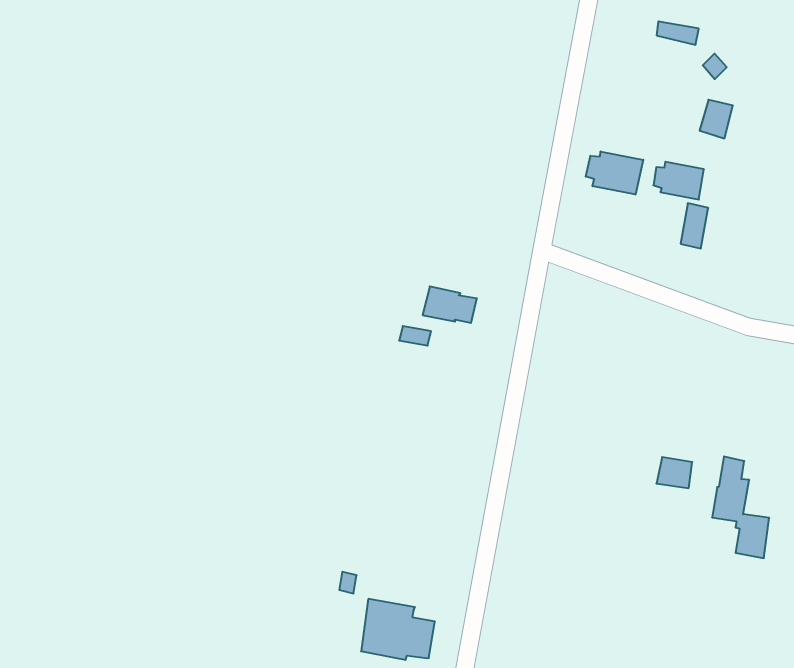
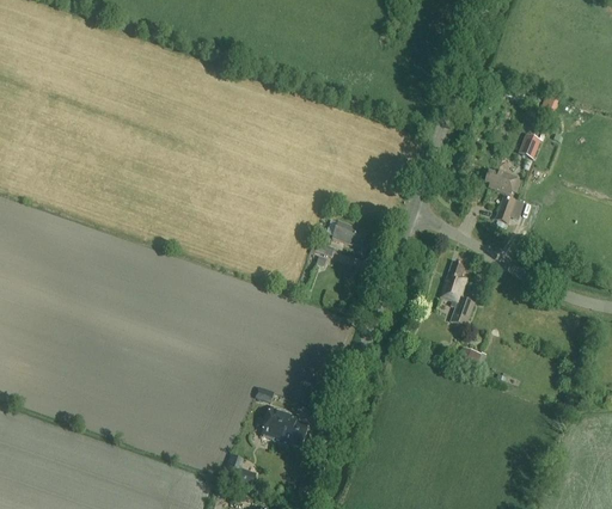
building: [586,151,643,195] -> none
building: [712,456,769,558] -> [440,260,475,326]

